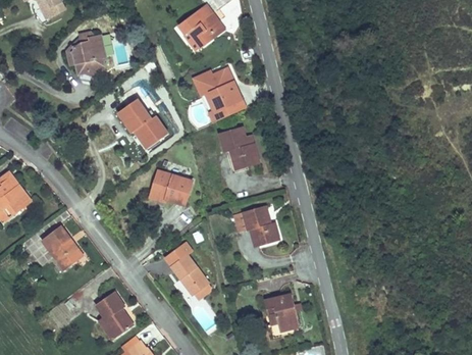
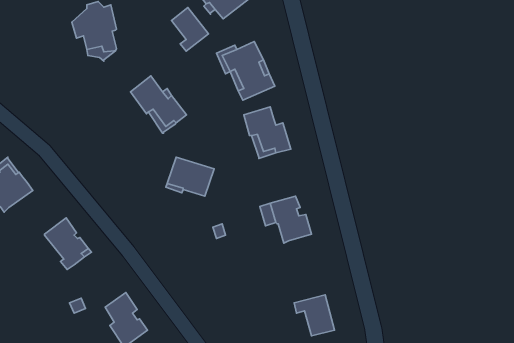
building: none -> [172,7,209,51]
building: [169,253,208,295] -> none

